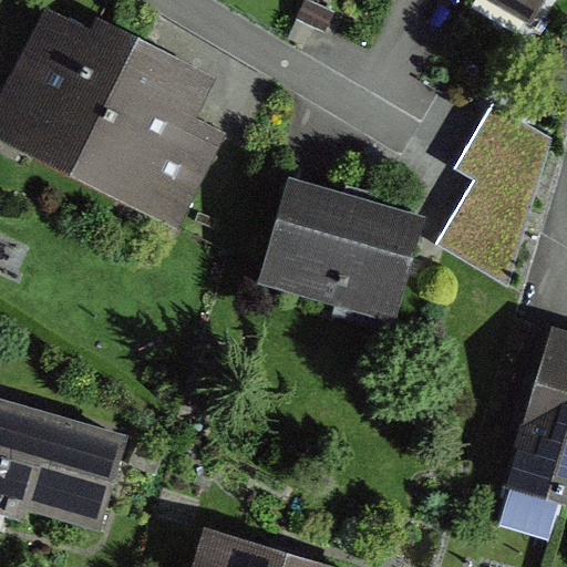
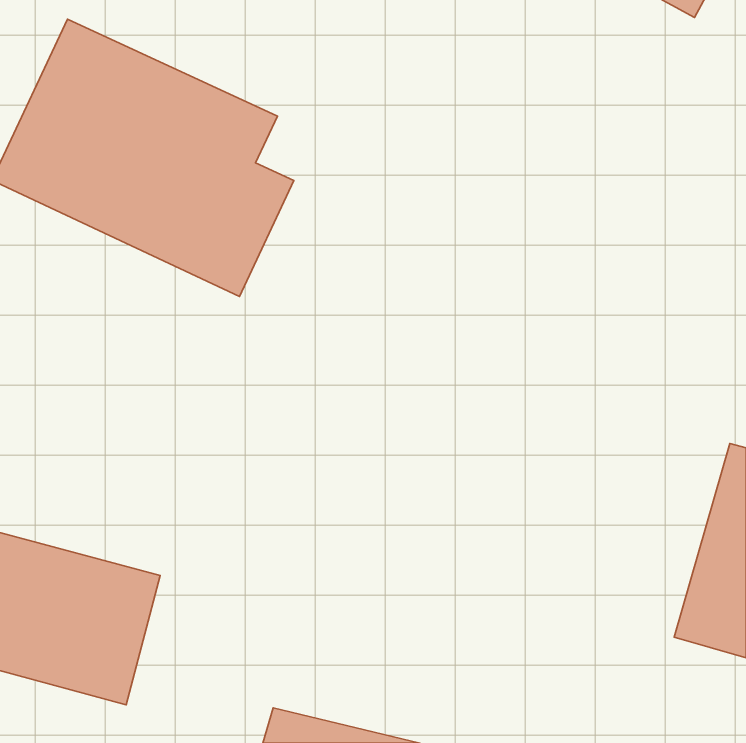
building: [436,100,551,278] -> none
building: [267,184,414,313] -> none

